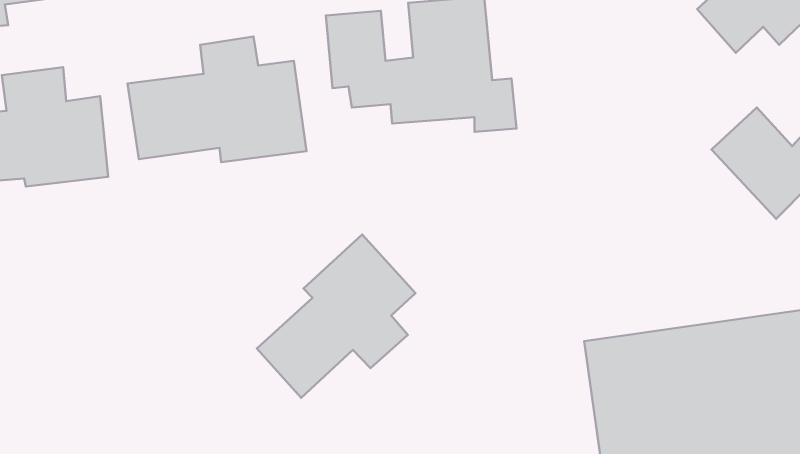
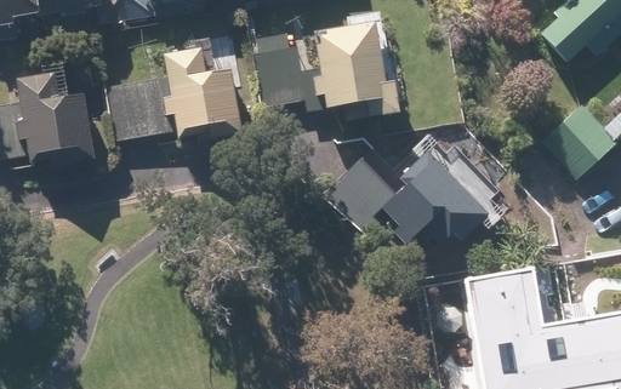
building: none -> [335,131,501,246]
building: [257,235,415,398] -> none

